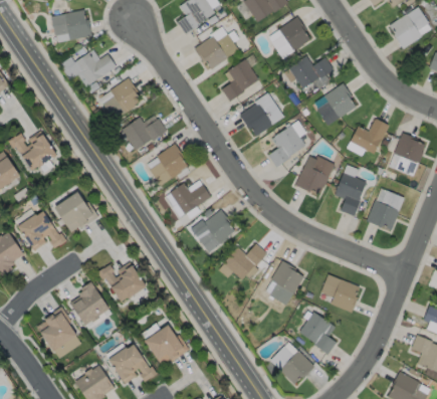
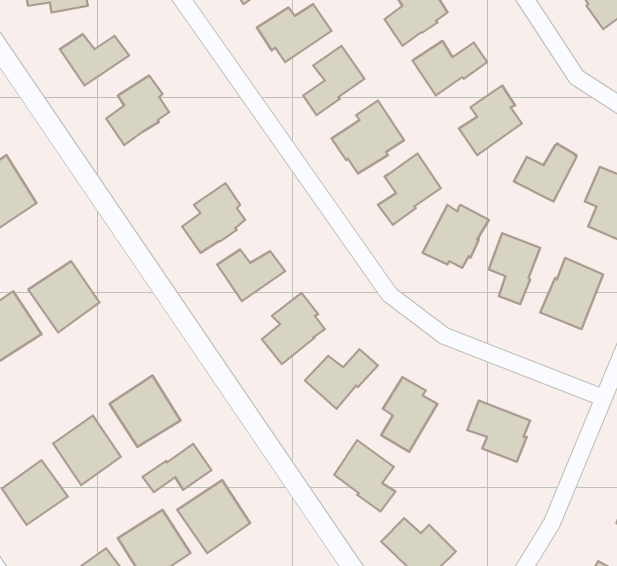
building: [121,117,166,150] -> none
building: none -> [143,444,211,492]
building: [298,311,336,354] -> [334,440,395,511]

